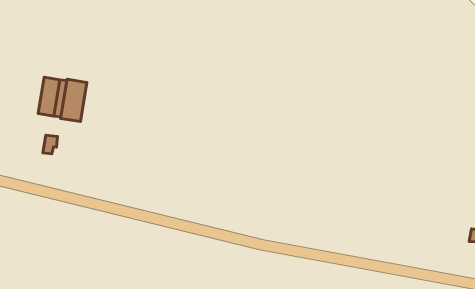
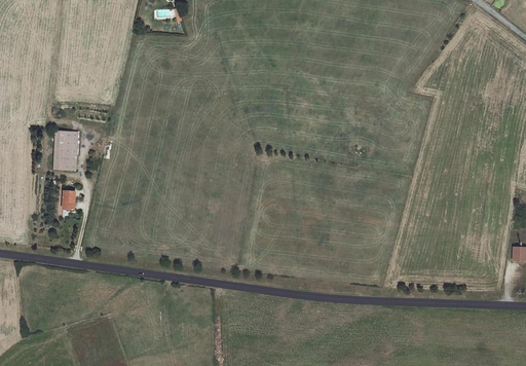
building: [61,79,87,122] -> none

